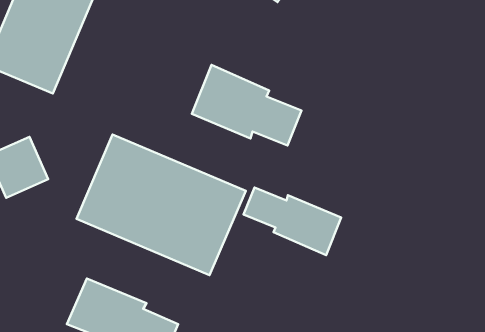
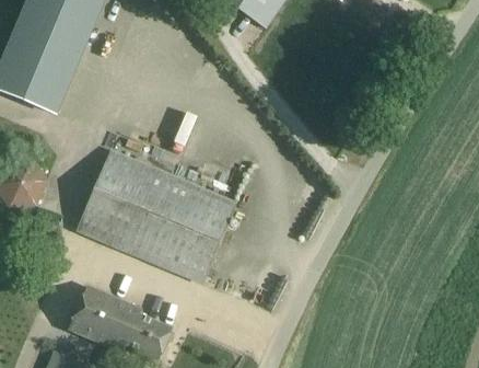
building: [192,65,302,146] -> none
building: [244,188,341,255] -> none

